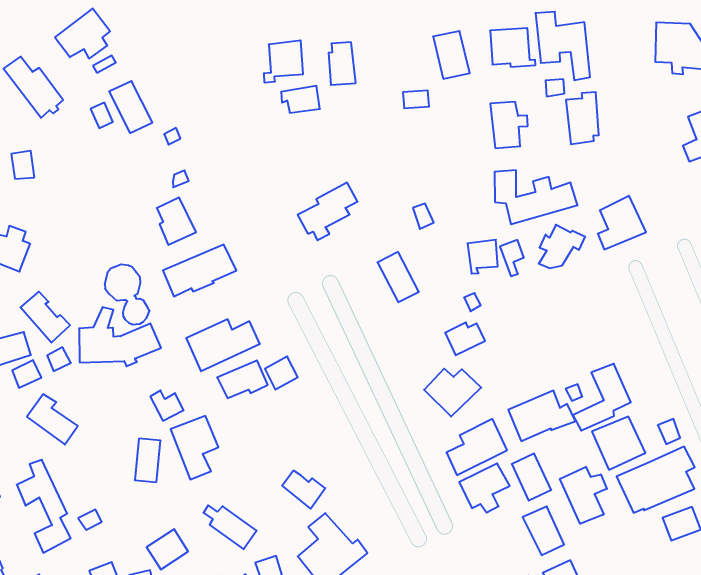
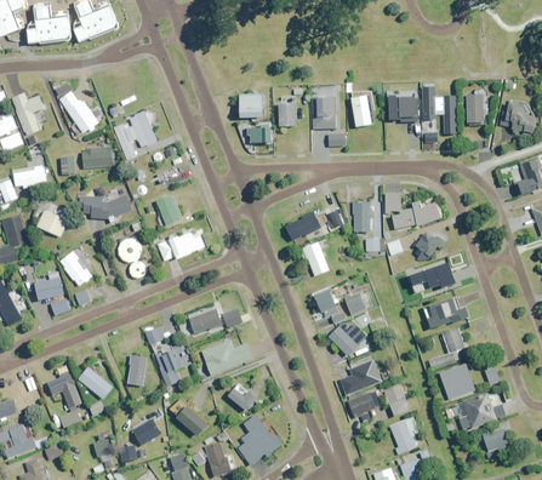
building: [55,8,110,59] -> none
building: none -> [310,95,336,130]
building: [566,92,599,144] -> [466,90,486,124]
building: [490,102,528,148] -> [352,201,376,232]
building: none -> [81,145,112,167]
building: [298,183,358,240] -> [285,206,326,244]
building: [598,196,646,249] -> [418,261,451,296]
building: [79,307,161,366] -> [76,181,132,222]
building: none -> [313,286,346,324]
building: [186,319,260,371] -> [201,341,251,375]
building: [508,391,575,441] -> [423,296,468,328]
building: [27,394,78,445] -> [78,364,112,399]
building: [560,467,607,524] -> none

